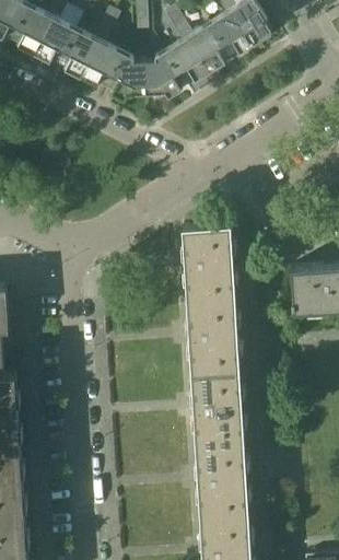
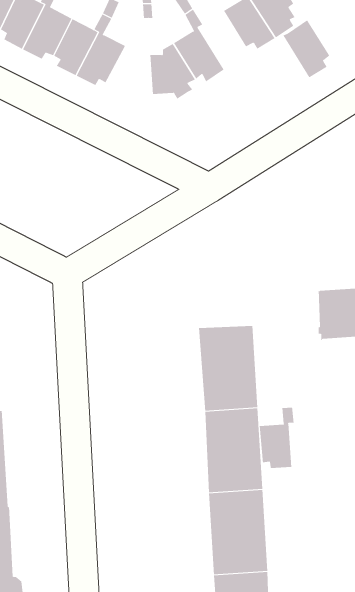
building: [187,21,229,72] -> [283,19,330,78]
building: [106,51,147,100] -> none
building: [183,222,235,299] -> none
building: none -> [259,407,294,469]

